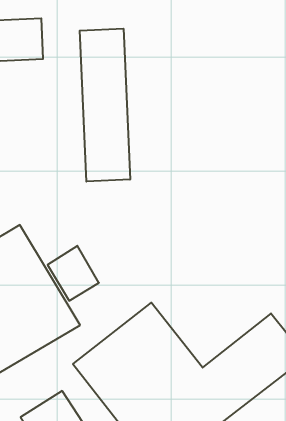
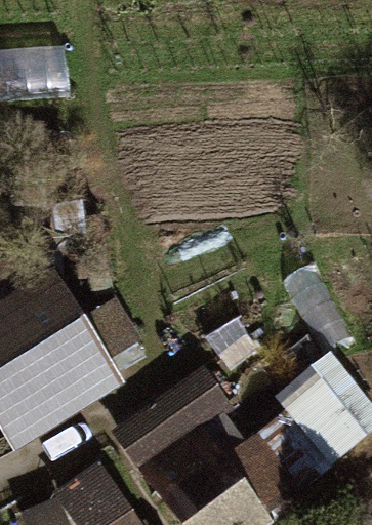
building: [80,29,130,182] -> none

